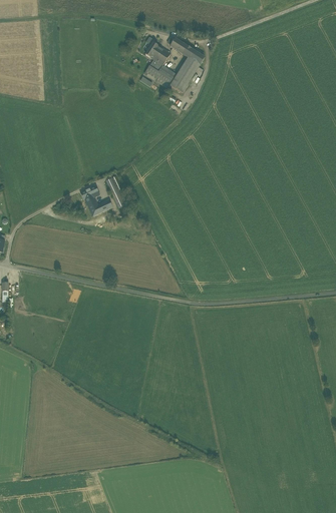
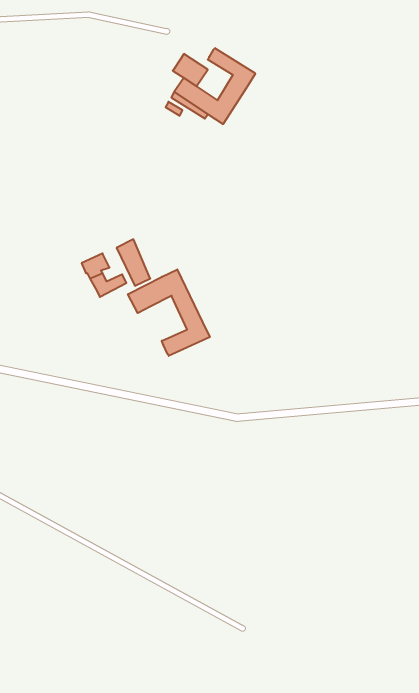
building: none -> [128,269,210,356]

